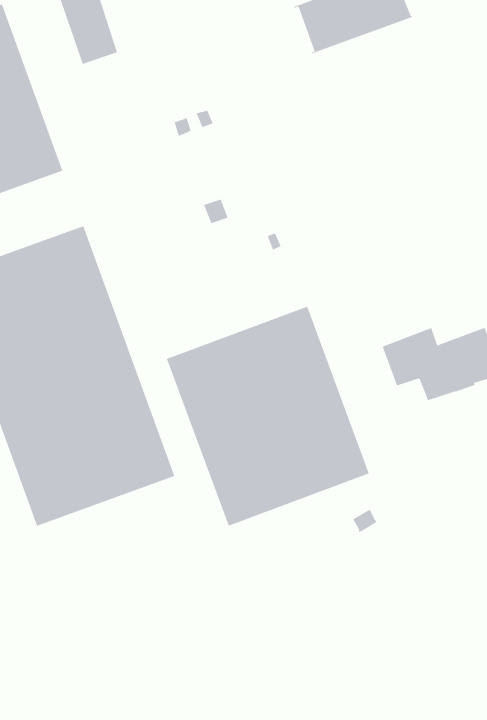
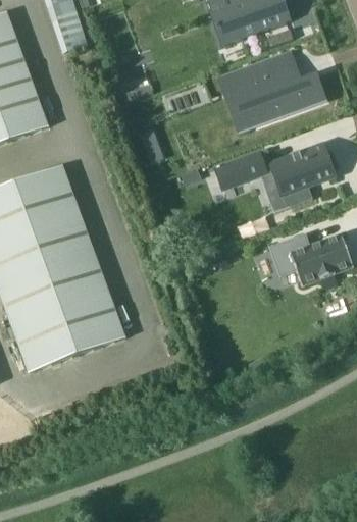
building: none -> [231,64,323,127]
building: none -> [213,143,333,206]
building: [166,306,370,526] -> none

